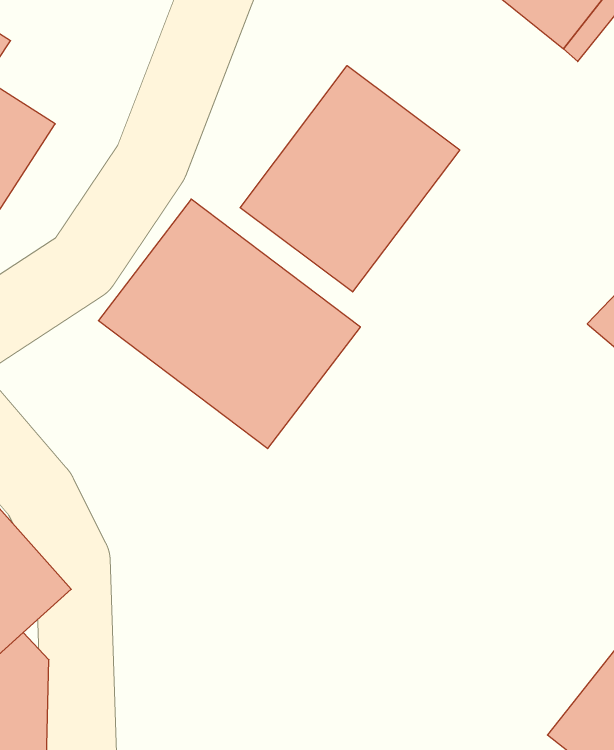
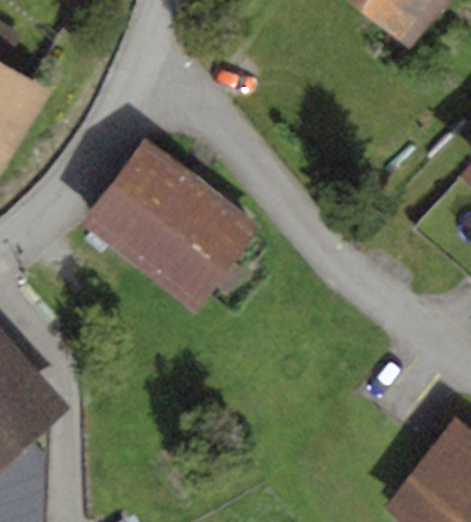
building: [240,66,460,292] -> none

